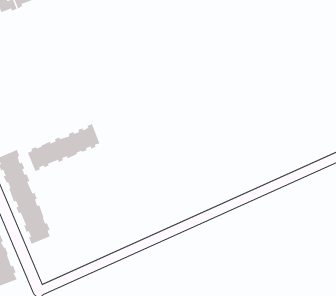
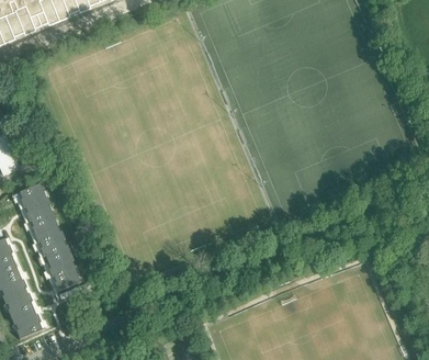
building: [27,123,100,172] -> none

